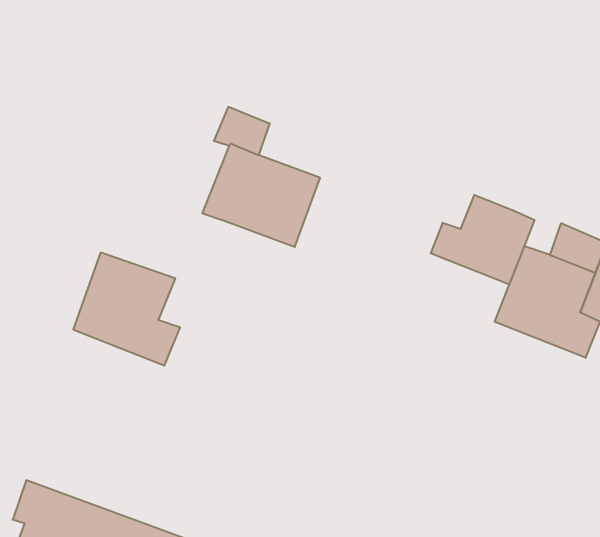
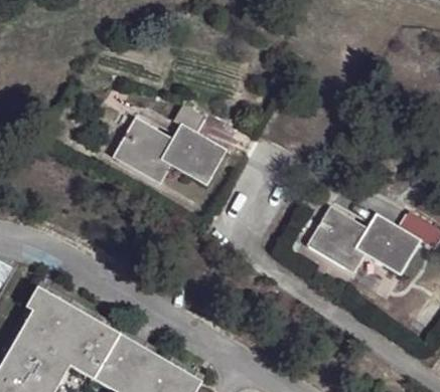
building: [431,195,535,284] -> none
building: [73,253,180,365] -> [111,116,171,183]

